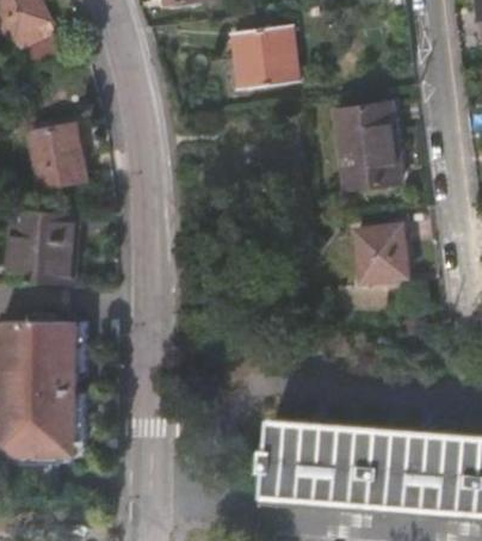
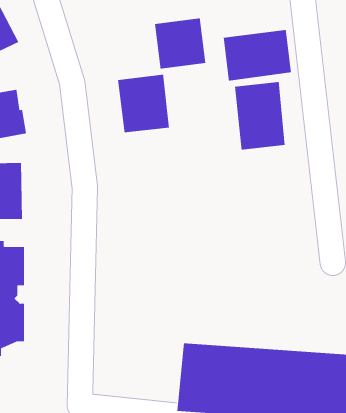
building: none -> [223,29,292,82]
building: none -> [117,74,169,133]
building: [354,222,404,278] -> none

